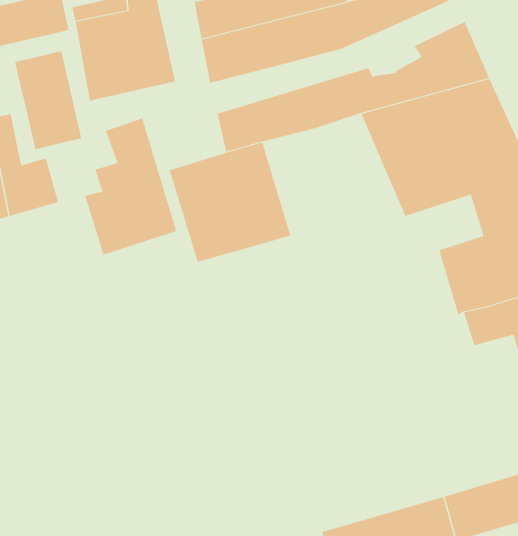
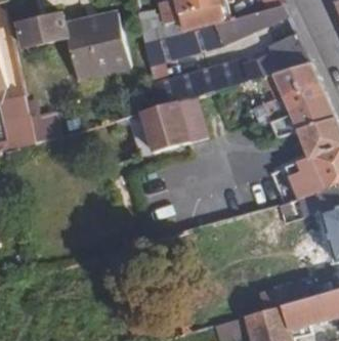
building: [15,50,82,150] -> none
building: [85,117,177,256] -> none

